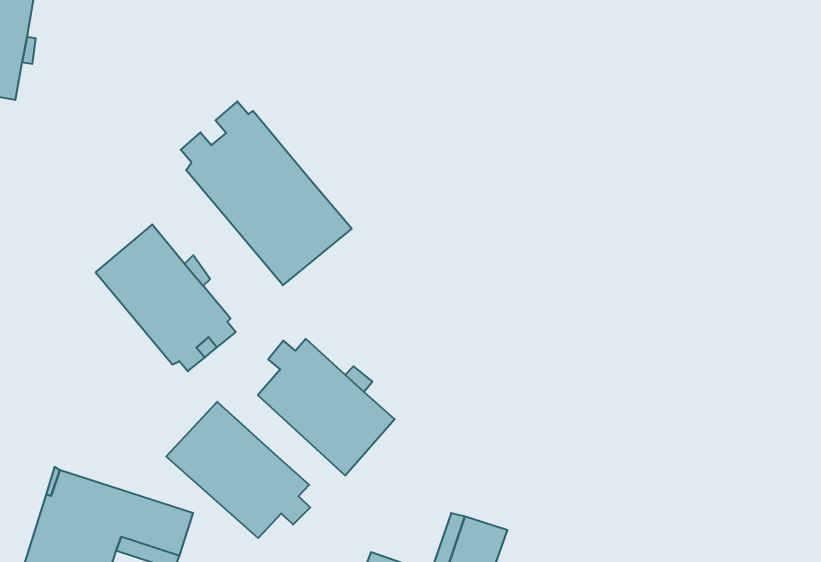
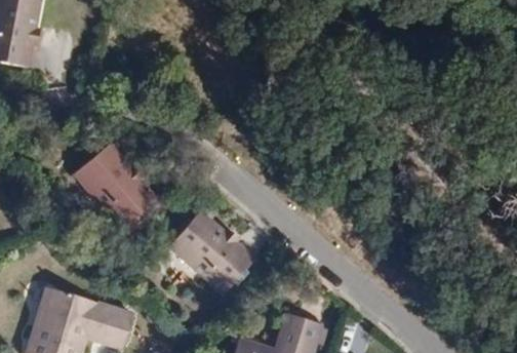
building: [181,101,352,285] -> none
building: [166,402,310,538] -> none

